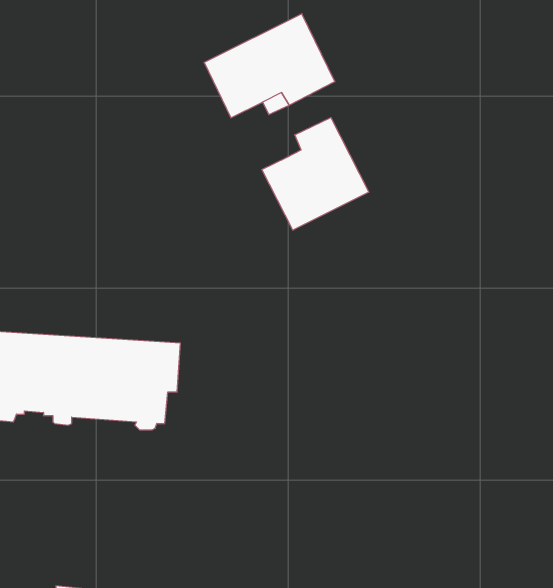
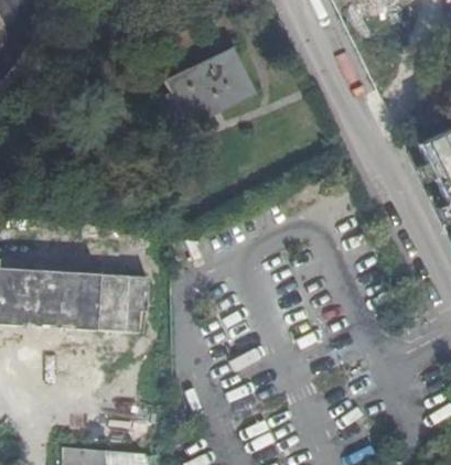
building: [262,118,369,230] -> none

